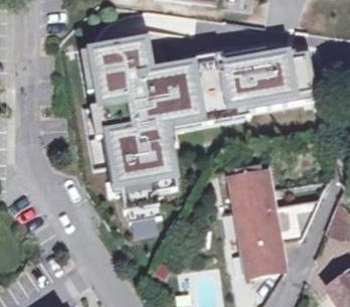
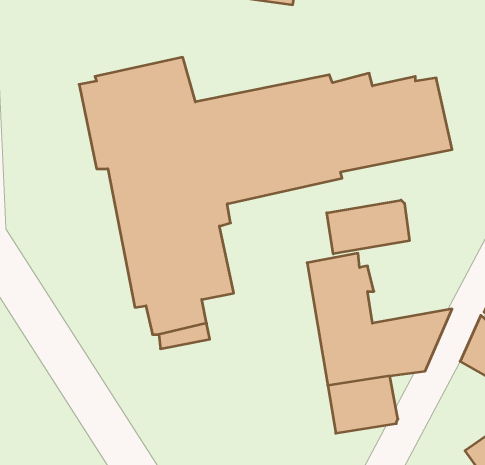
building: none -> [327,200,409,254]

